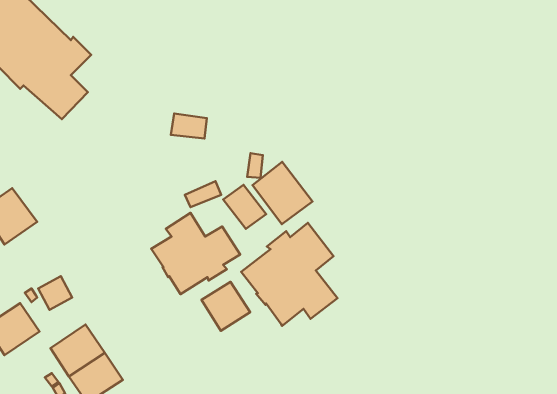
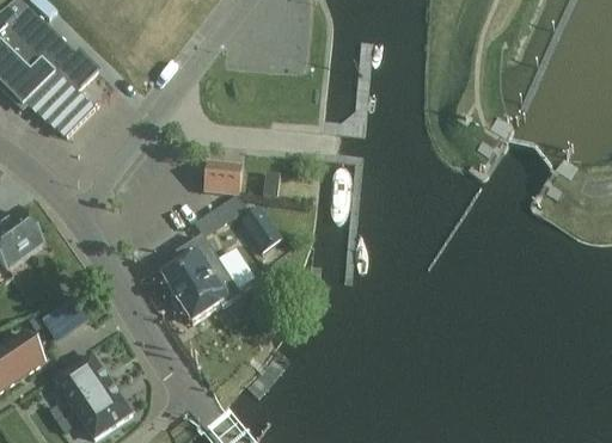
building: [171,114,207,138] -> [202,167,240,193]
building: [253,162,313,224] -> none
building: [241,223,337,326] -> none
building: [201,282,250,331] -> none

